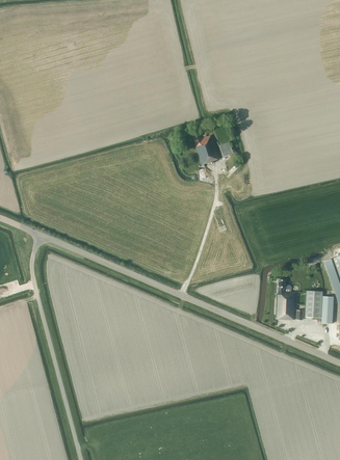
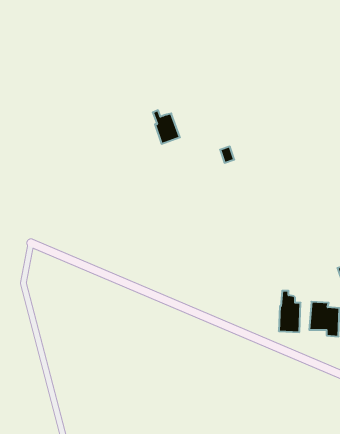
building: [193,132,219,164] -> [153,110,180,144]

